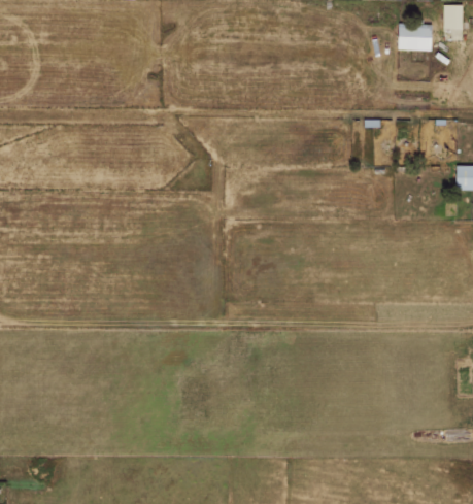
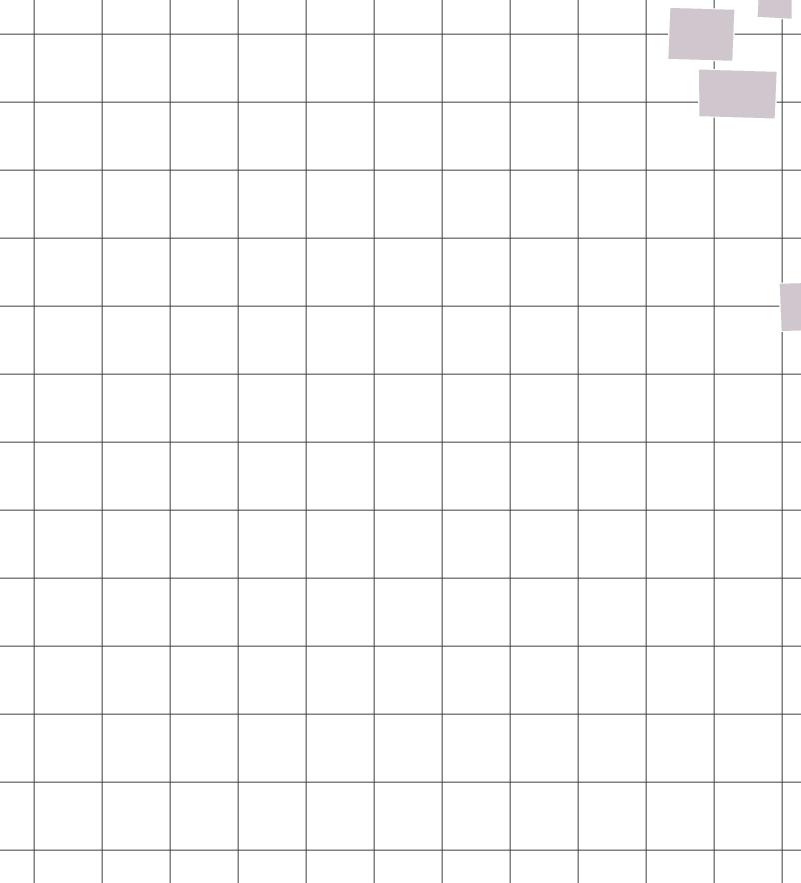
building: none -> [698,69,777,119]

